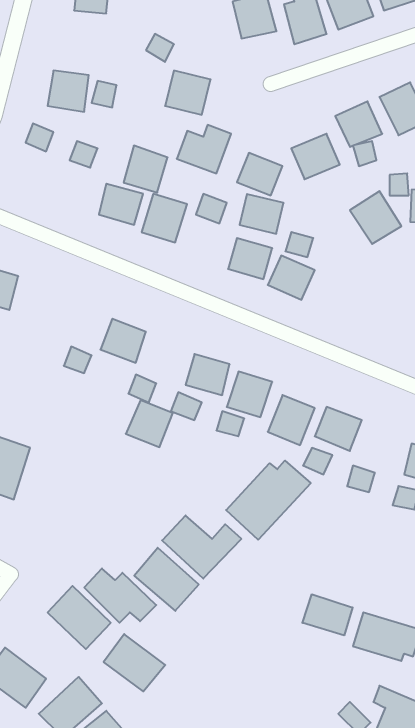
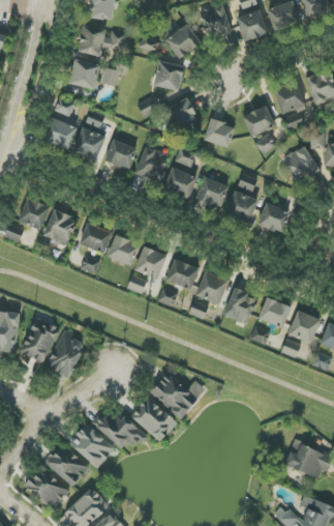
building: none -> [164,24,200,58]
building: none -> [79,26,125,55]
building: [124,146,168,193] -> [73,127,104,160]
building: none -> [44,119,75,148]
building: [240,194,284,234] -> [164,169,195,197]
building: none -> [257,203,290,233]
building: none -> [42,209,77,246]
building: none -> [79,223,112,253]
building: [126,400,173,447] -> [133,246,166,280]
building: none -> [286,311,320,344]
building: none -> [45,331,85,378]
building: [226,461,311,540] -> none
building: [302,594,353,635] -> none
building: [104,634,165,691] -> [45,445,89,486]

